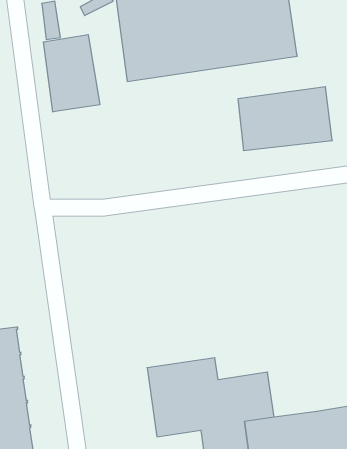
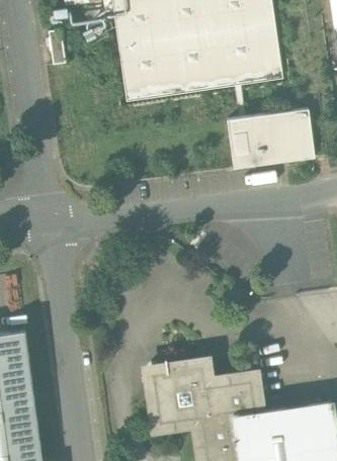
building: [43,35,100,112] -> none

